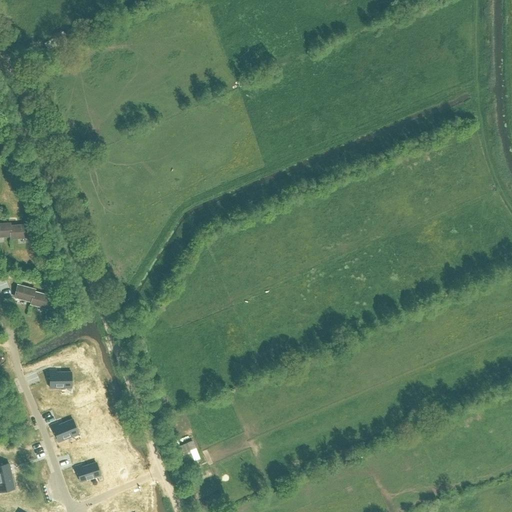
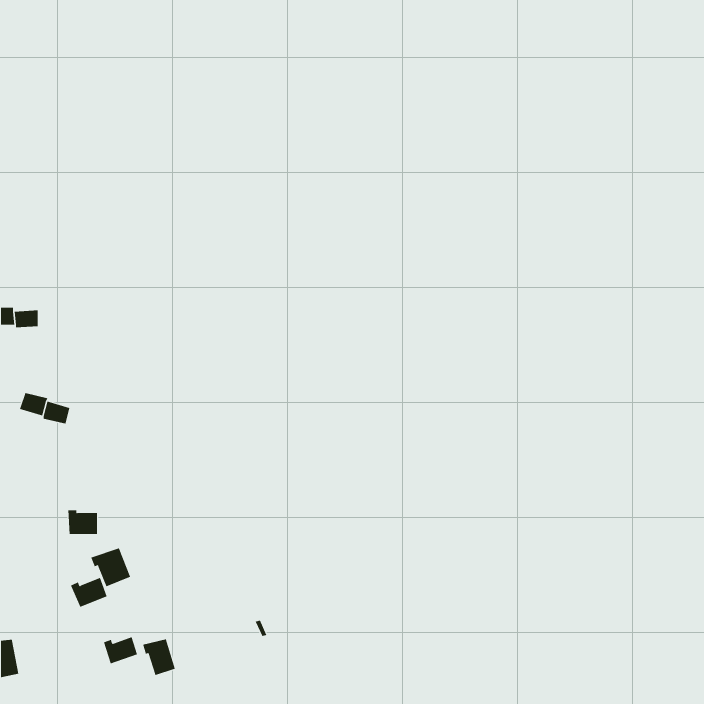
building: none -> [91,547,131,587]
building: none -> [142,639,176,676]

